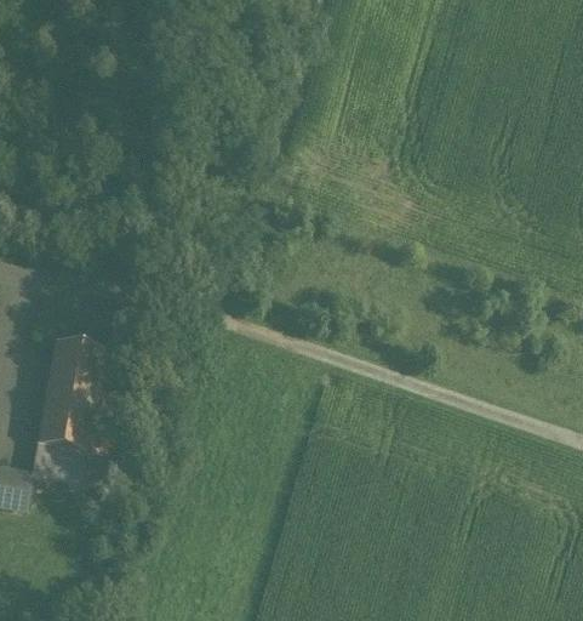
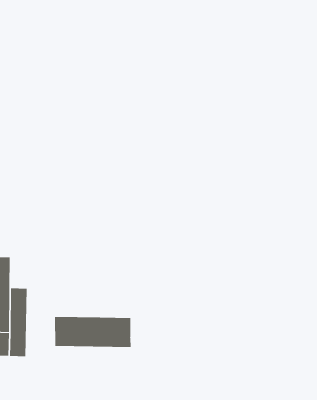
building: none -> [55,316,131,348]

